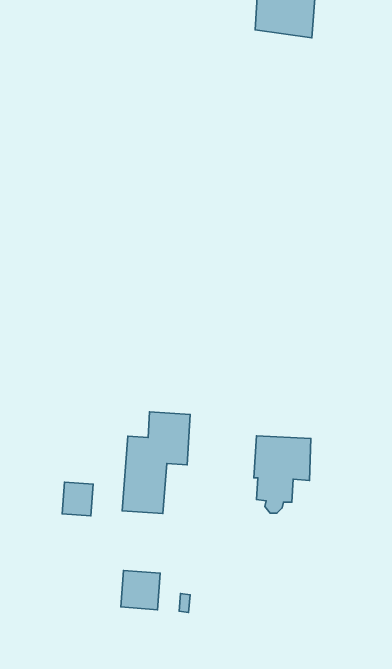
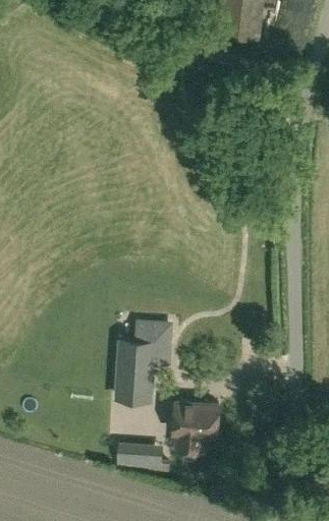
building: [254,436,311,513] -> [174,400,217,458]
building: [62,482,93,516] -> none

